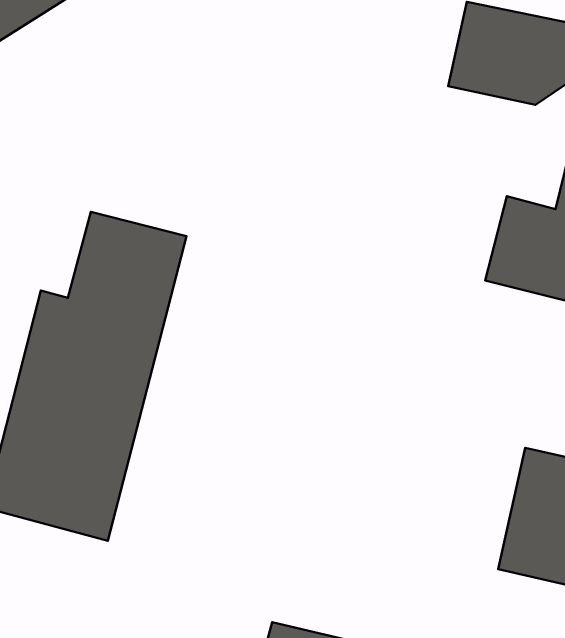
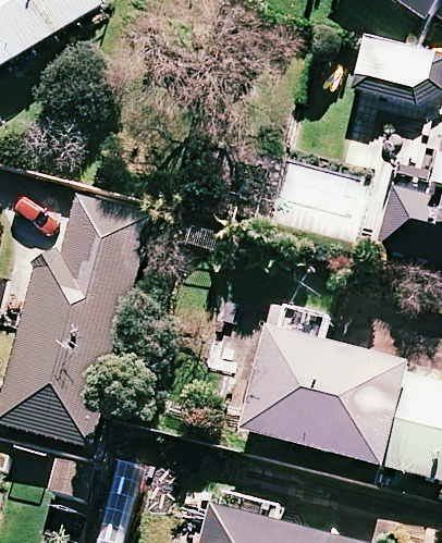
building: none -> [247,306,408,465]

